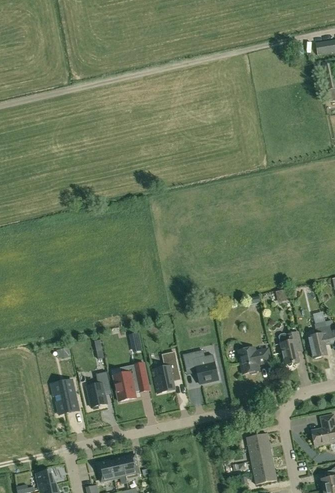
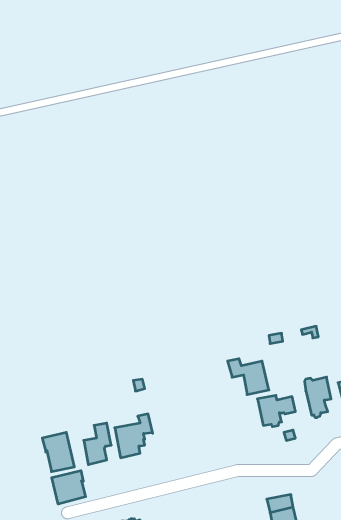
building: [154,351,180,392] -> none
building: [182,352,218,383] -> [228,359,269,395]
building: none -> [52,471,86,504]

